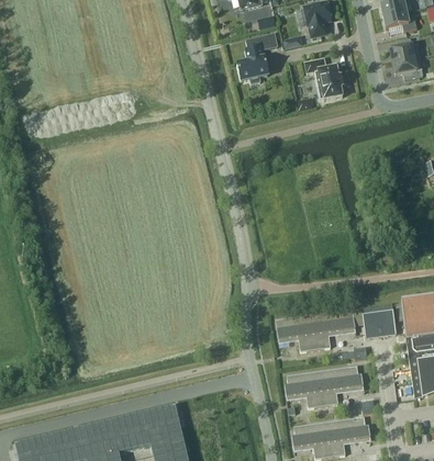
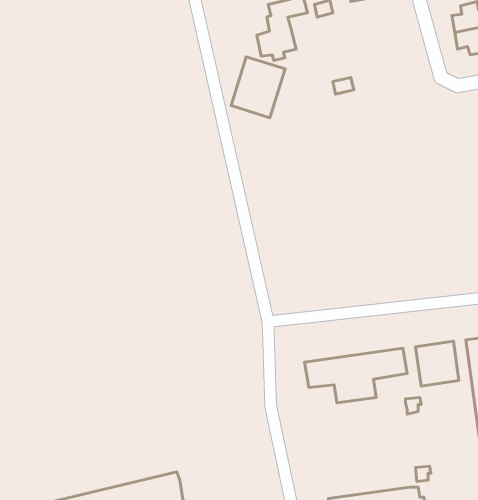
building: [304,59,343,101] -> none
building: none -> [231,57,285,118]
building: [285,367,363,408] -> none

